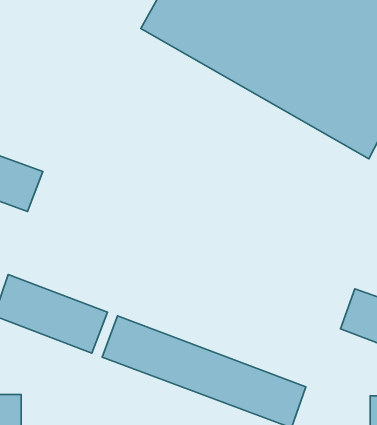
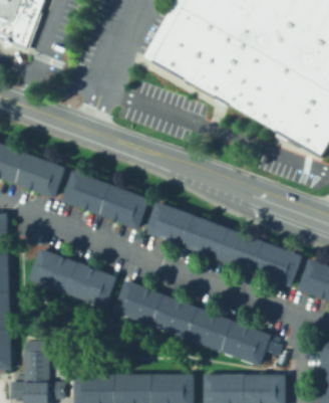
building: none -> [61,170,148,229]
building: none -> [143,202,303,287]

